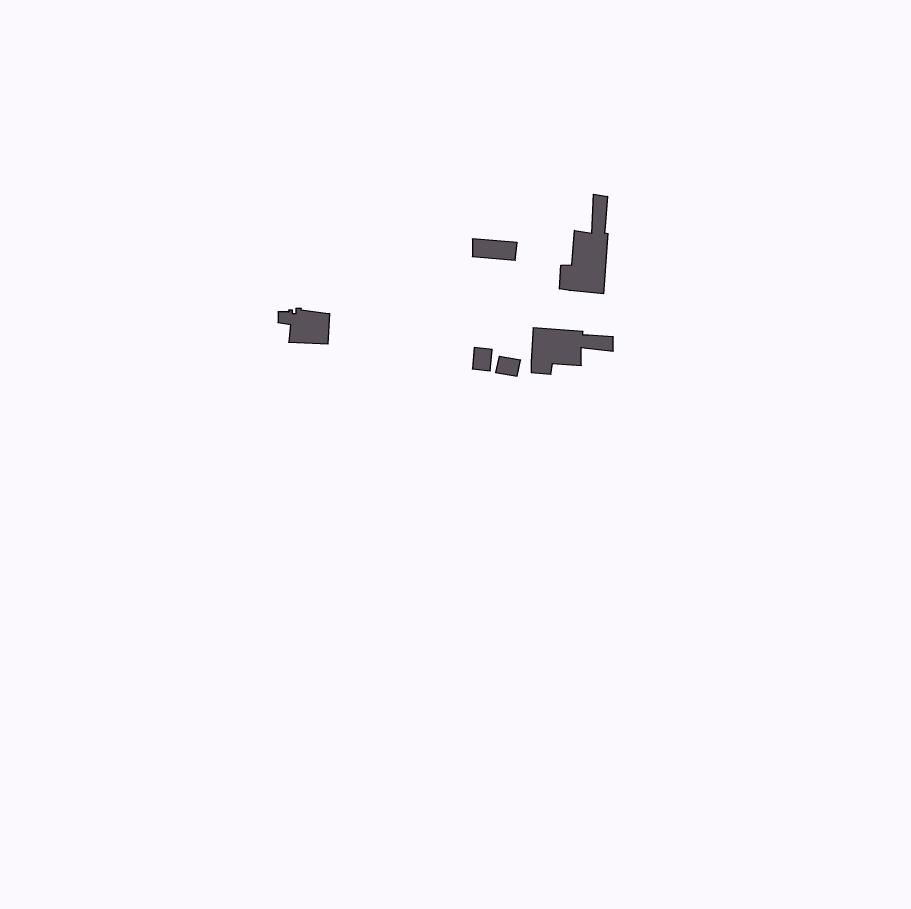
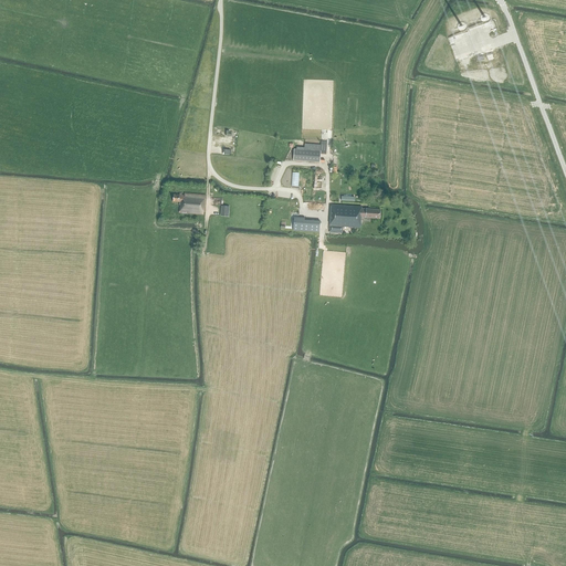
building: [560,194,608,294] -> none

